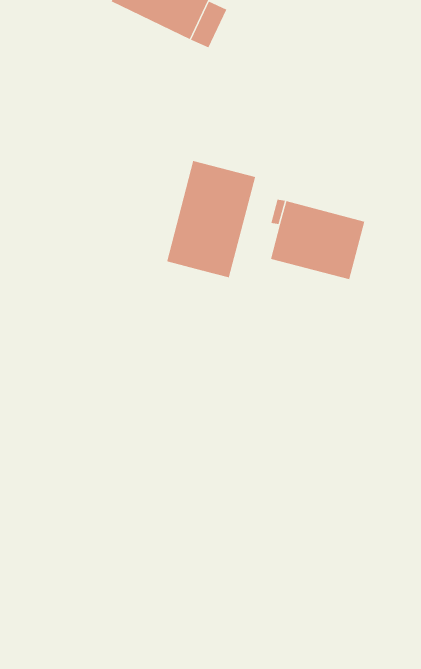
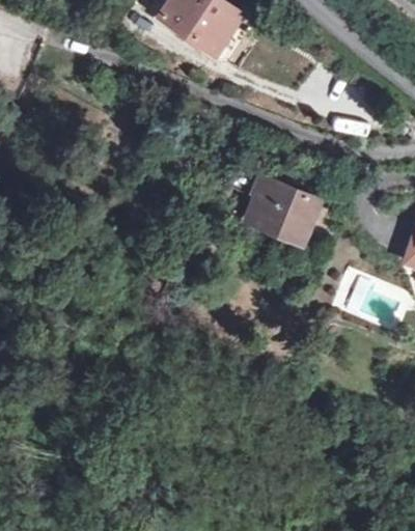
building: [166,160,256,278] -> none

